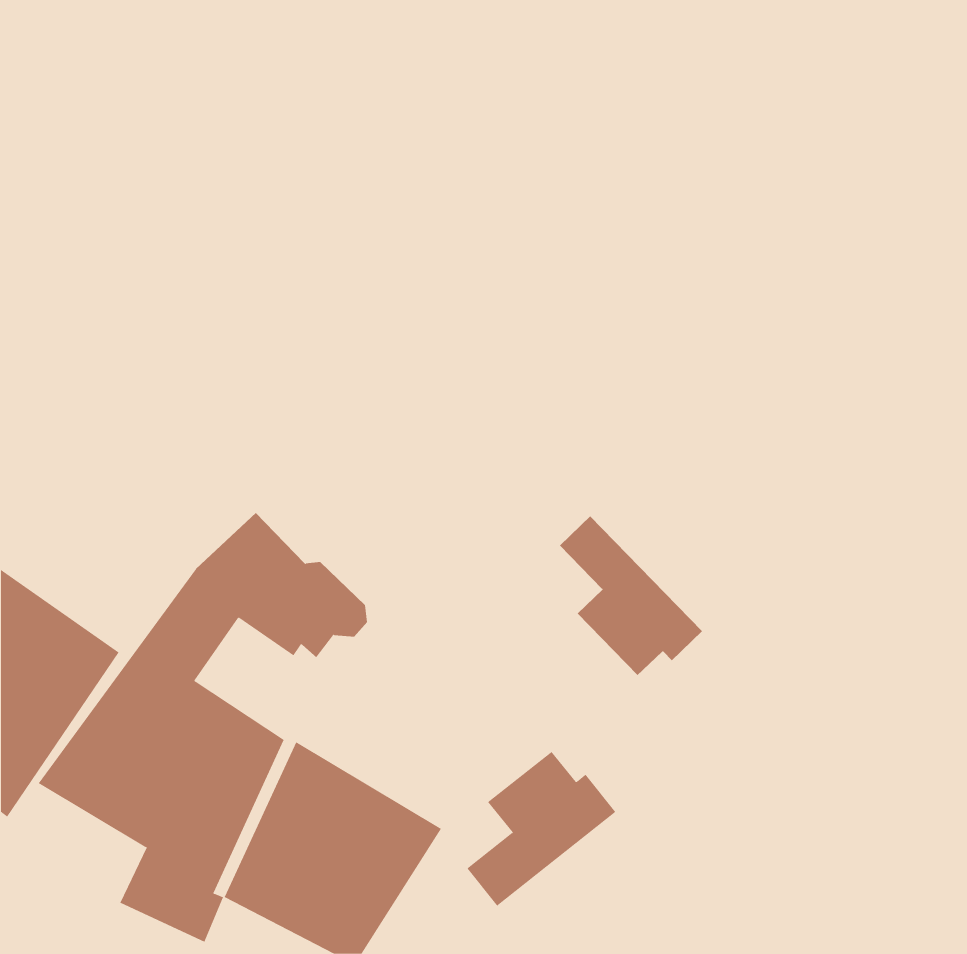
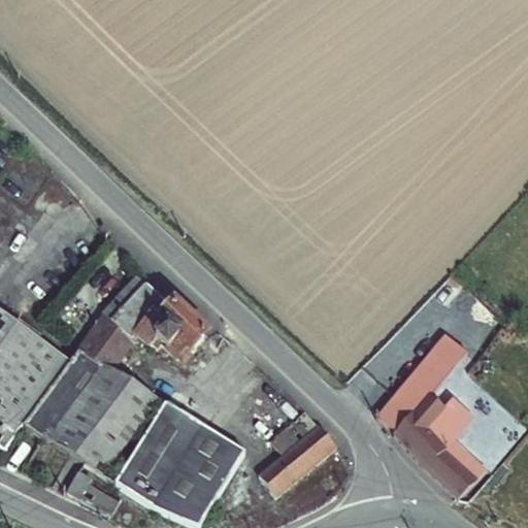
building: [559,516,703,676] -> none
building: none -> [380,330,487,493]

